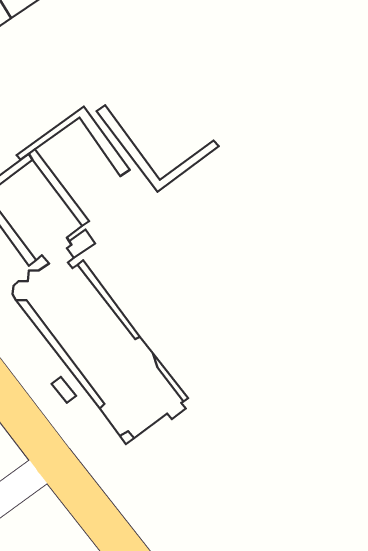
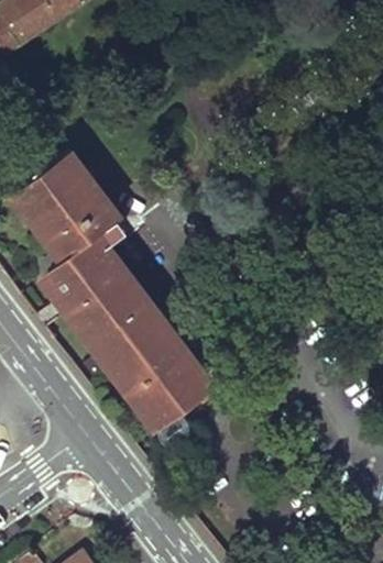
building: [96,105,219,192] -> none
building: [16,106,130,176] -> none

